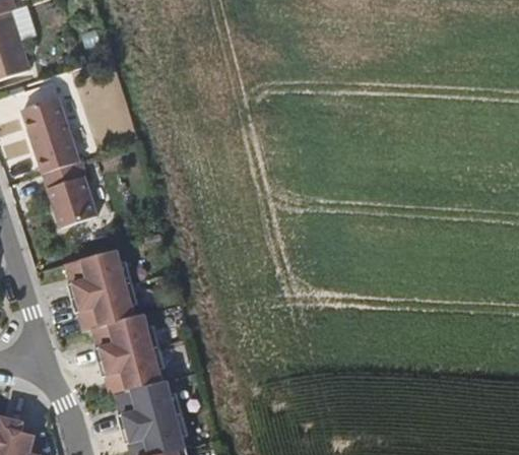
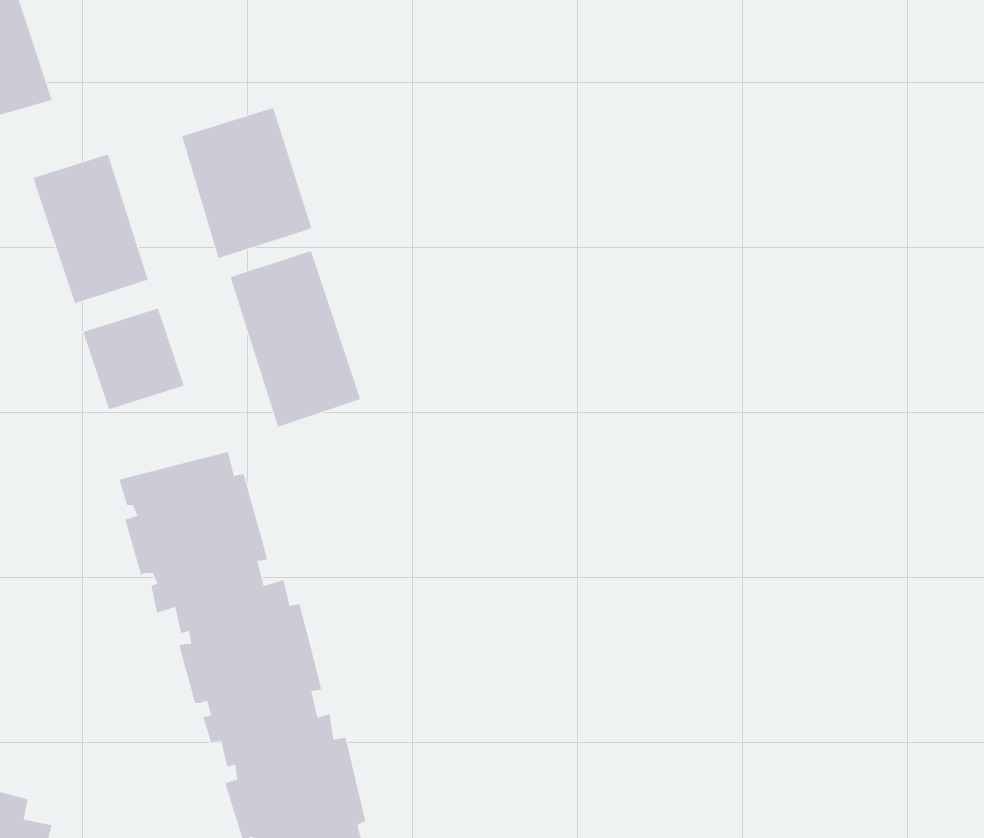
building: none -> [182,107,312,259]
building: none -> [230,250,361,427]

